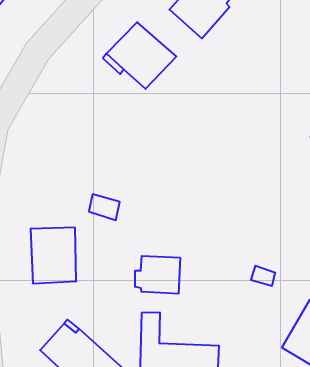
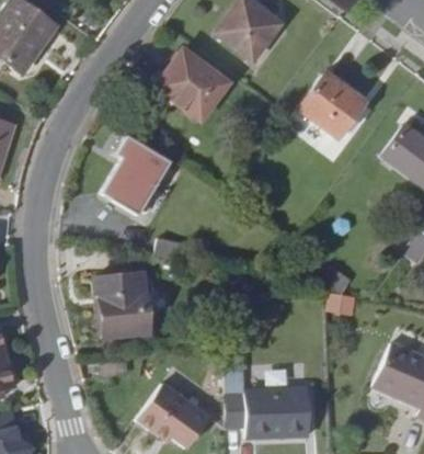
building: none -> [303,77,370,141]
building: none -> [105,135,173,213]
building: [135,256,180,294] -> none

